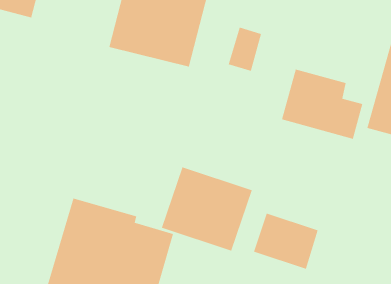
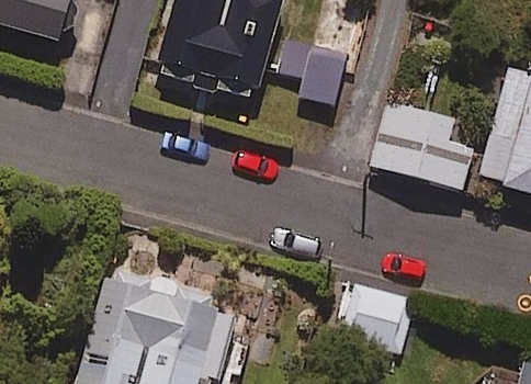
building: [161,166,253,252] -> none

